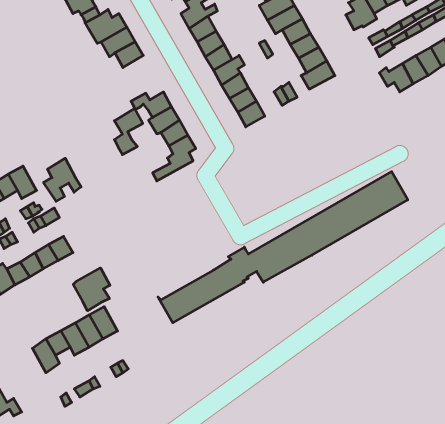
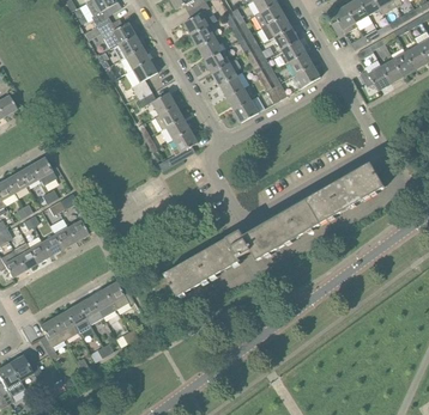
building: [114,109,143,155] -> [133,59,158,99]
building: [44,158,81,201] -> none
building: [73,268,110,311] -> none
building: none -> [40,318,65,358]

